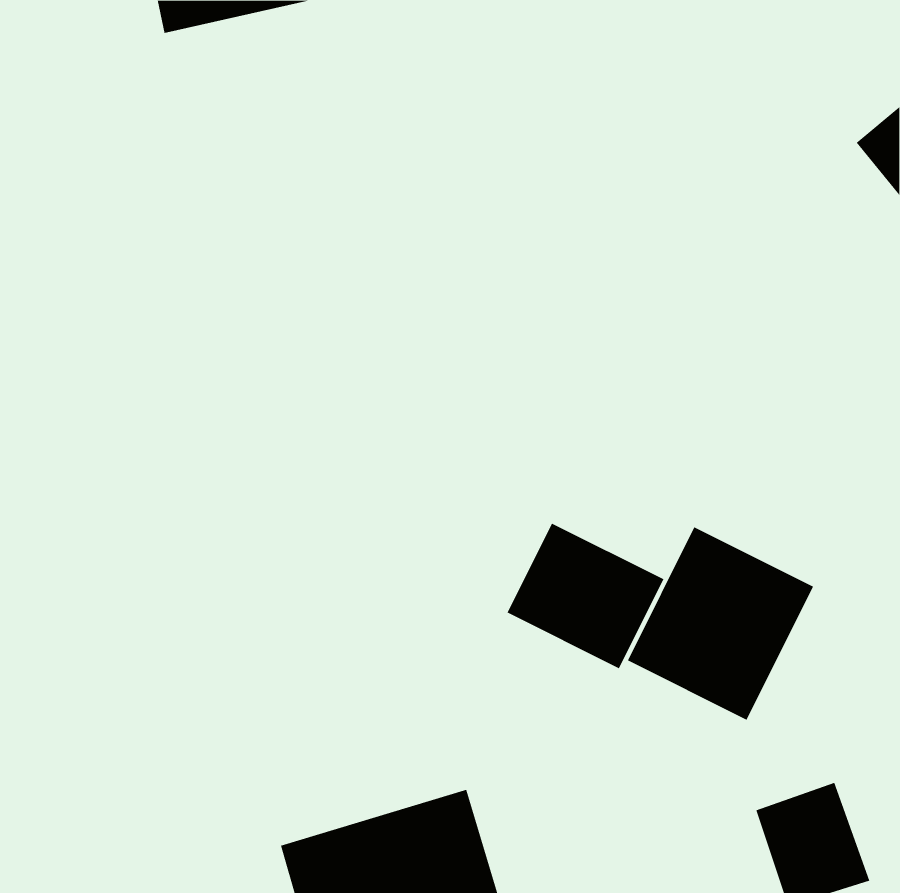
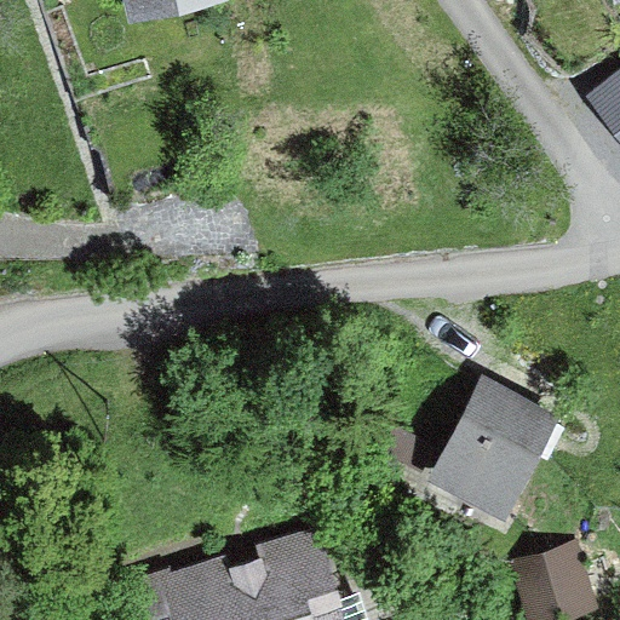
building: [507,523,664,669] -> none

